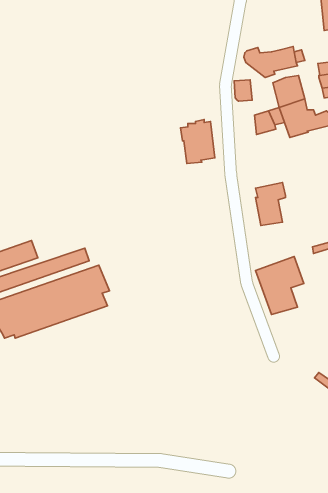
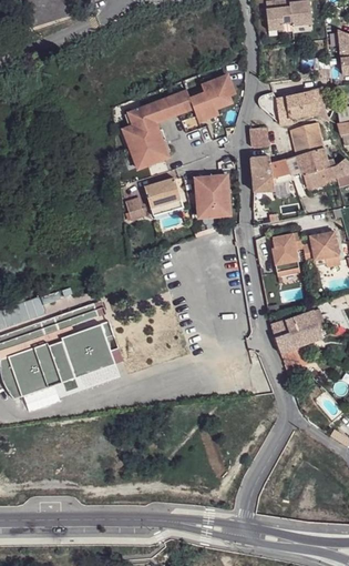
building: none -> [124,73,234,166]
building: none -> [249,158,273,191]
building: none -> [126,176,182,221]
building: none -> [301,231,337,265]

